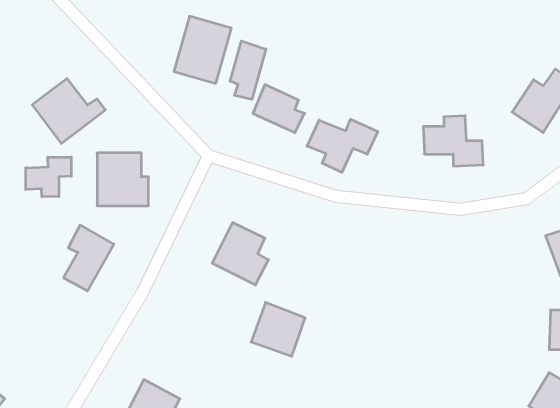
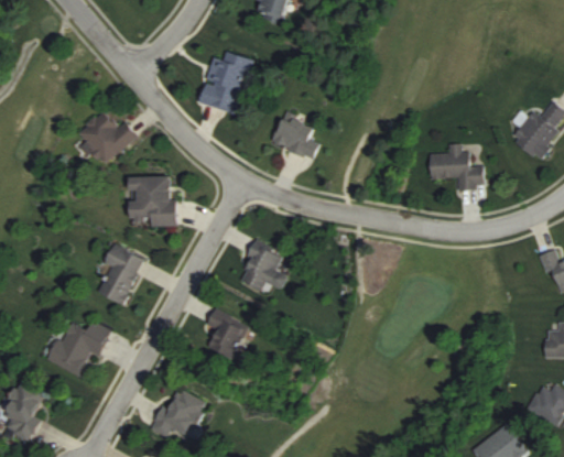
building: [230,41,266,99] -> none
building: [307,119,378,172] -> none
building: [26,157,71,197] -> none
building: none -> [48,312,111,376]
building: [251,302,305,356] -> [202,311,251,360]

